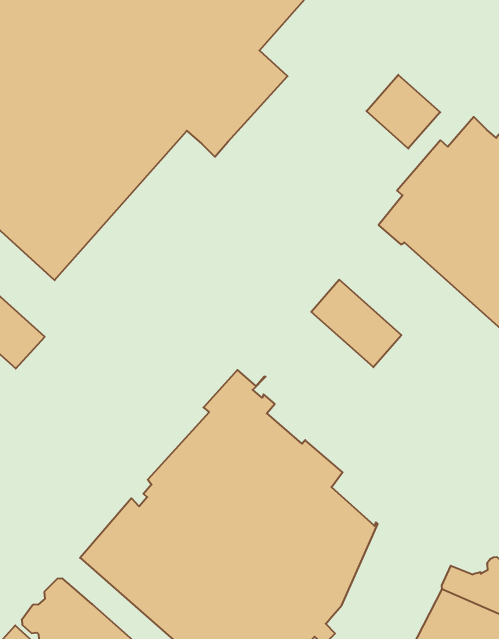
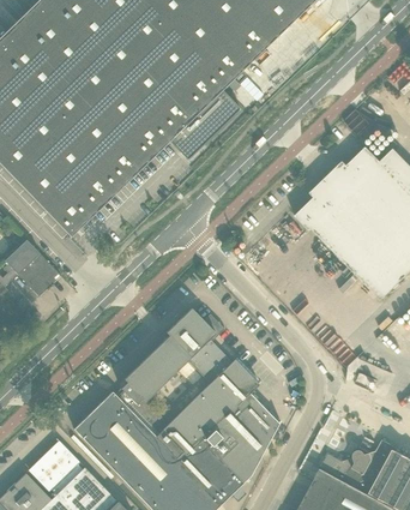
building: [366,75,440,149] -> none
building: [311,280,401,367] -> none

